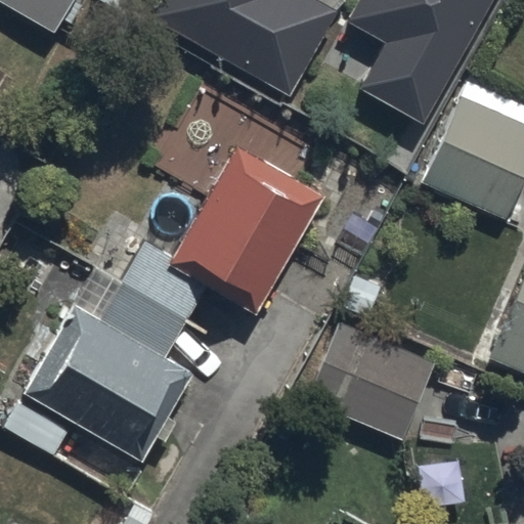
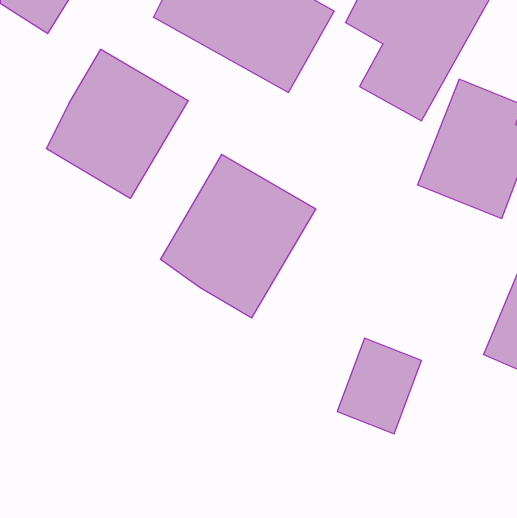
building: none -> [47,49,188,198]
building: [26,246,204,463] -> none

